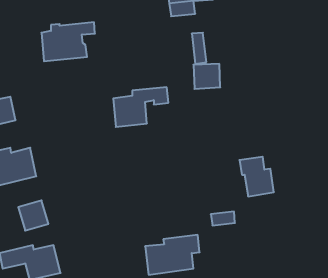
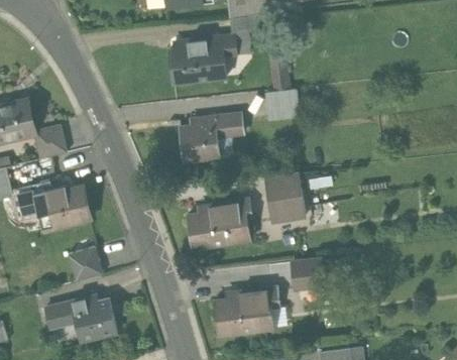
building: [41,22,95,61] -> [170,37,233,83]
building: [239,157,274,196] -> [265,173,306,220]
building: none -> [187,199,252,247]

